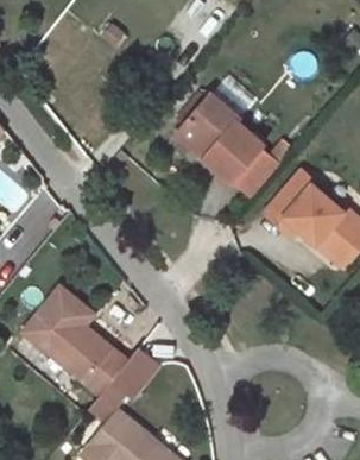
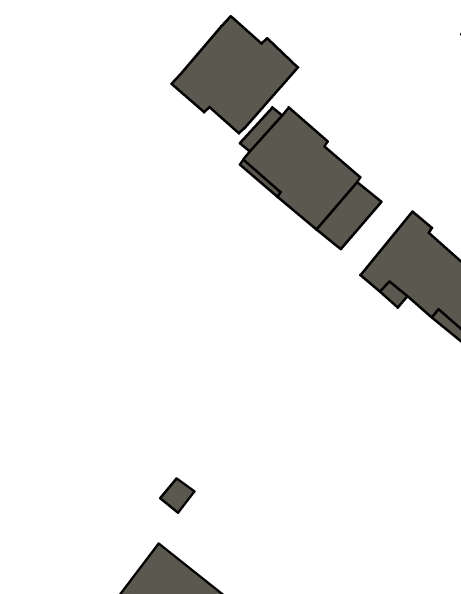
building: none -> [172,16,298,133]
building: [23,286,127,395] -> none

